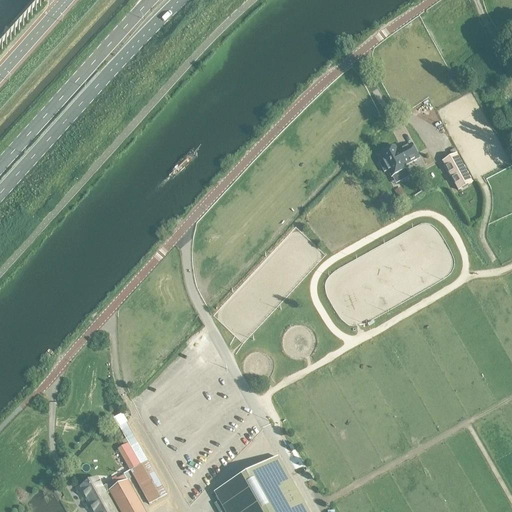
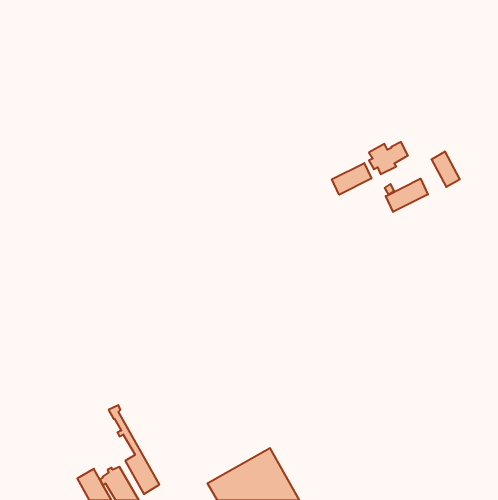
building: none -> [332,163,371,195]
building: none -> [386,179,428,212]

